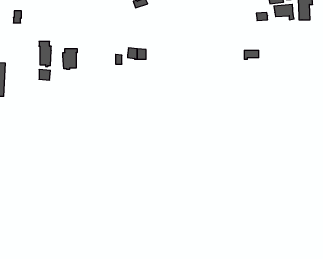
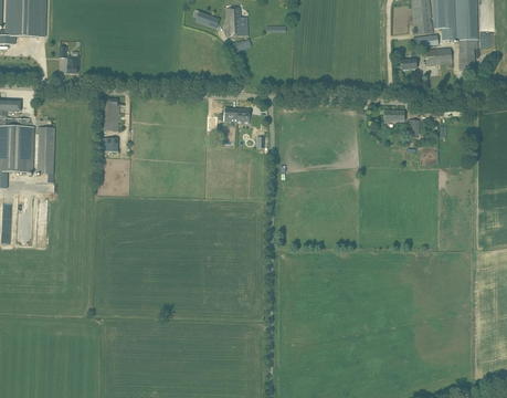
building: [63,49,77,69] -> none

